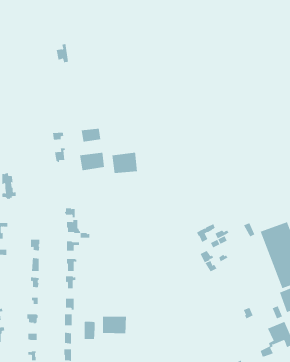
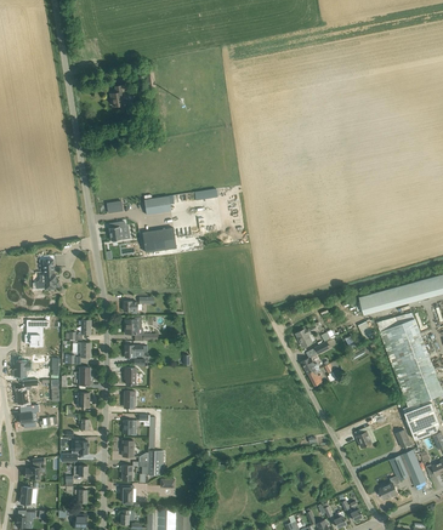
building: [112,152,137,174] -> none
building: [102,316,126,334] -> none

